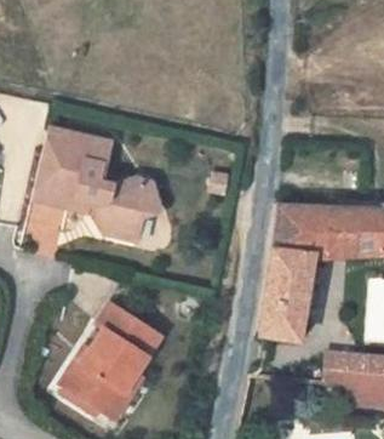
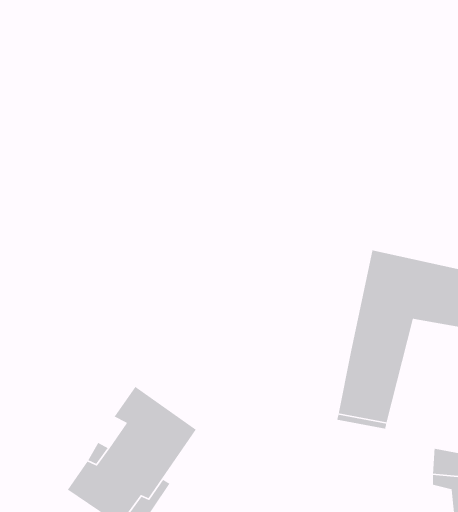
building: [30,127,156,240] -> none

